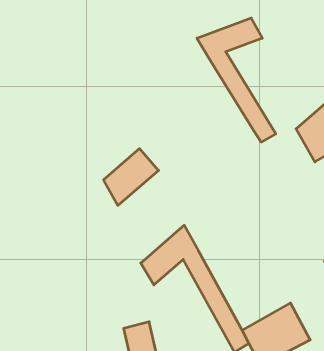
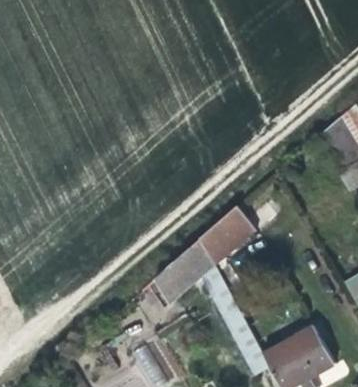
building: [197,18,276,142] -> none
building: [104,149,159,205] -> [200,207,258,267]

